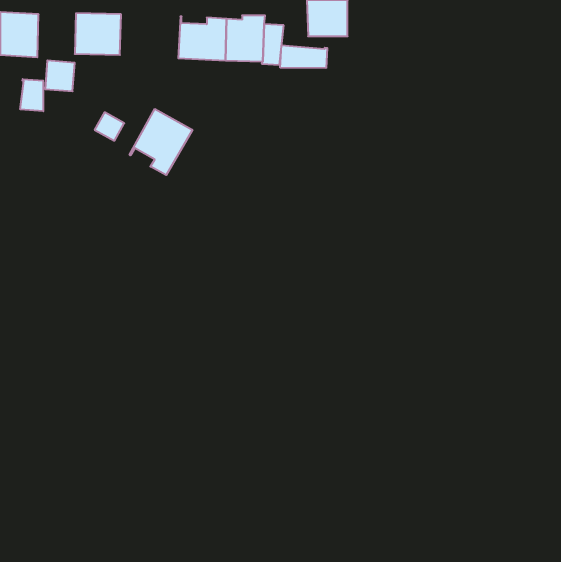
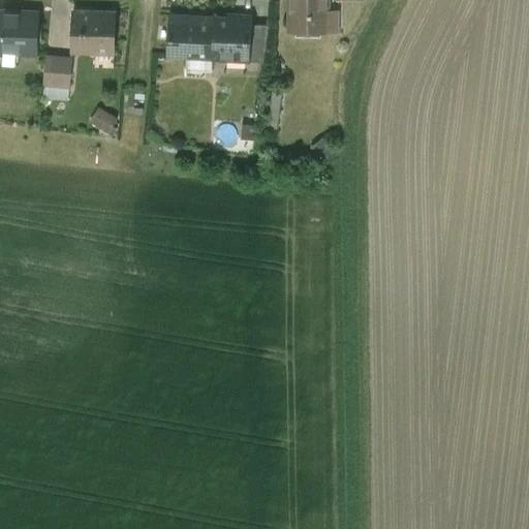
building: [280,45,327,68] -> none
building: [20,79,43,111] -> none
building: [130,109,192,175] -> none

